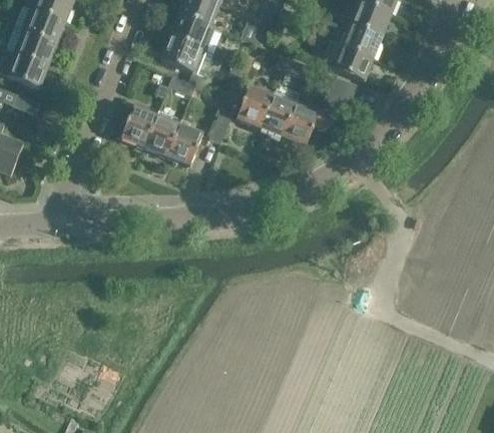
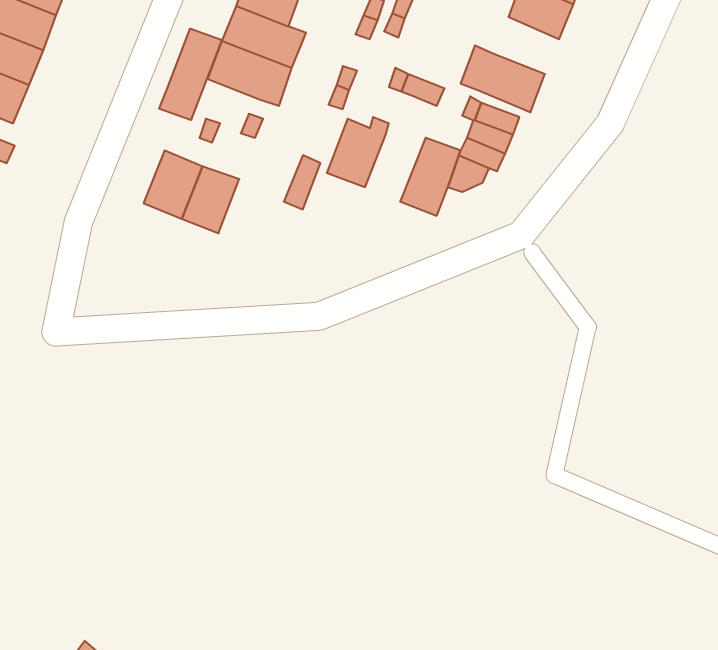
building: [340,22,382,58] -> none
building: none -> [159,29,222,120]
building: [260,89,298,138] -> none
building: [167,124,202,167] -> none

